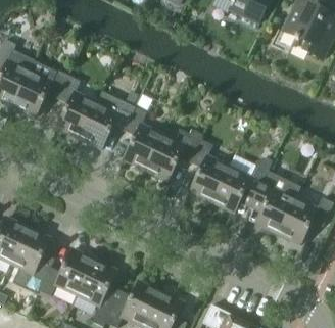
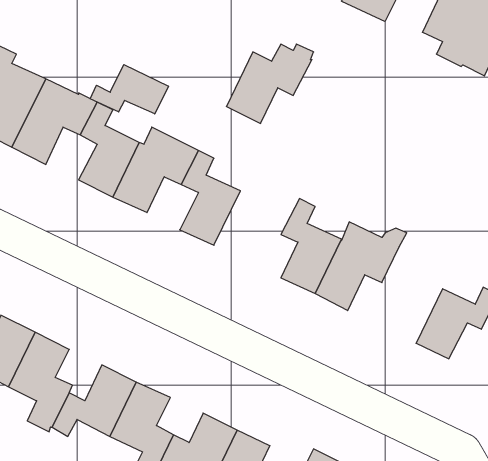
building: none -> [90,65,168,114]
building: [146,129,203,181] -> [226,44,314,123]
building: [255,171,301,234] -> none

